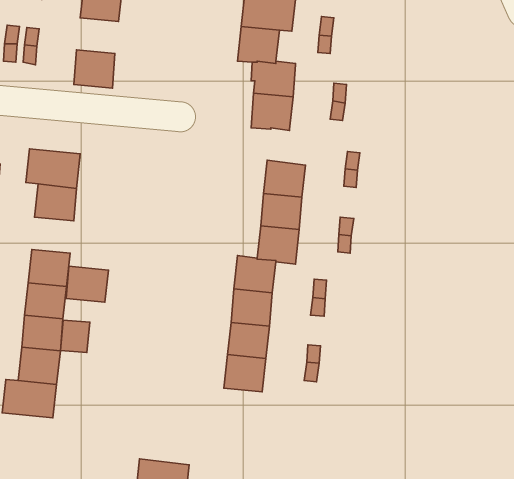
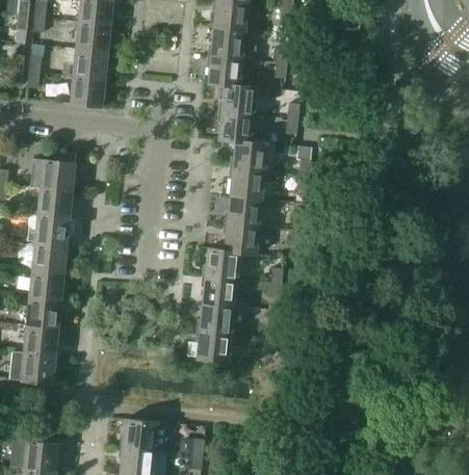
building: none -> [62,48,108,78]
building: none -> [233,140,268,171]
building: [66,266,108,302] -> [35,215,71,245]
building: [60,320,90,353] -> none

